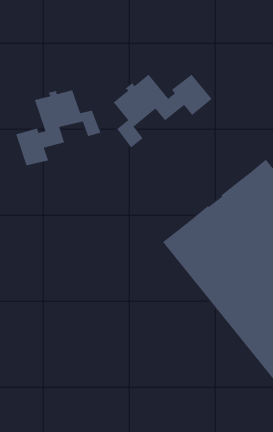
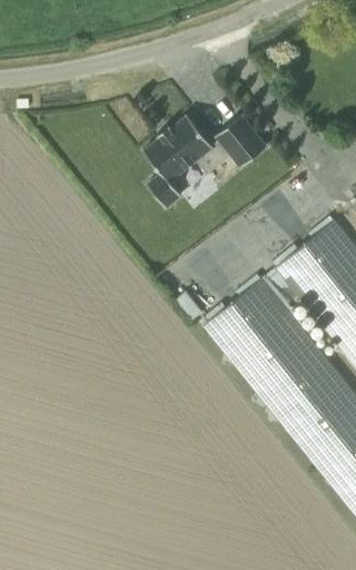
building: [15,90,101,166] -> none

